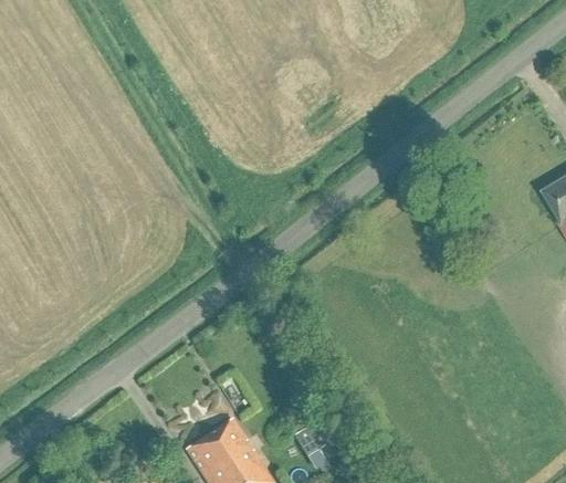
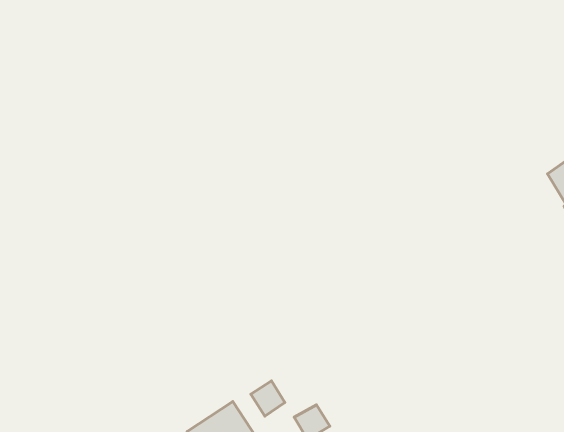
building: none -> [251,381,285,416]

